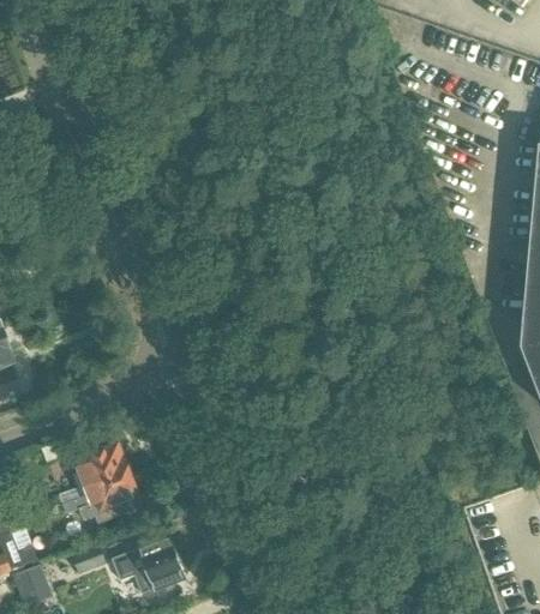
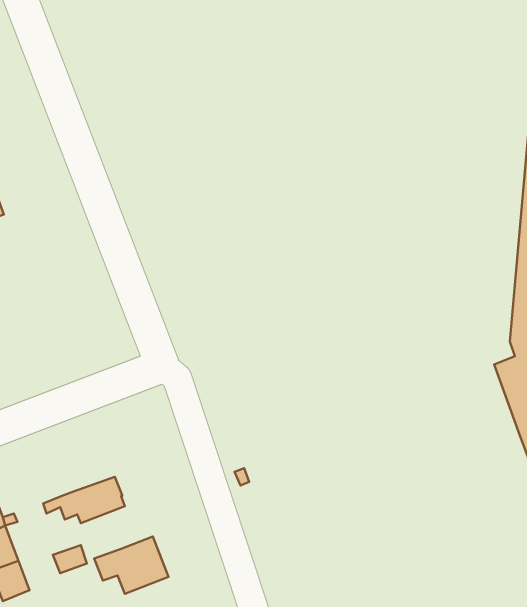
building: [59,444,133,505] -> none

